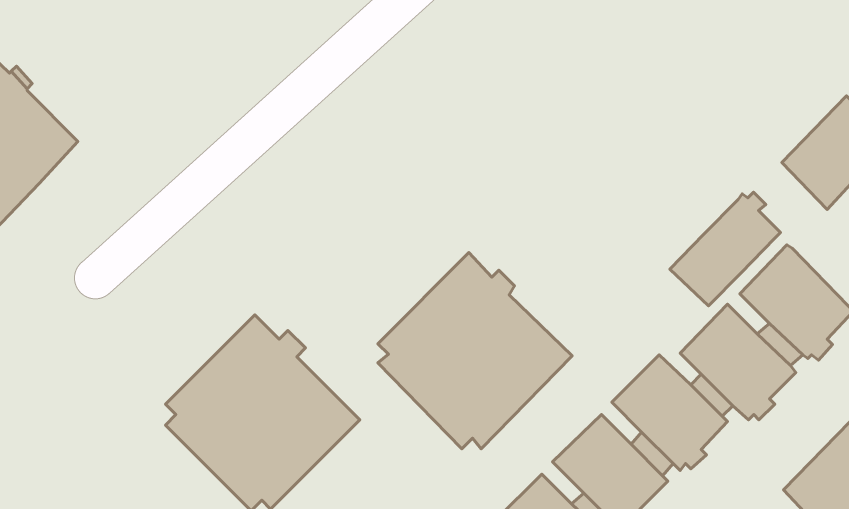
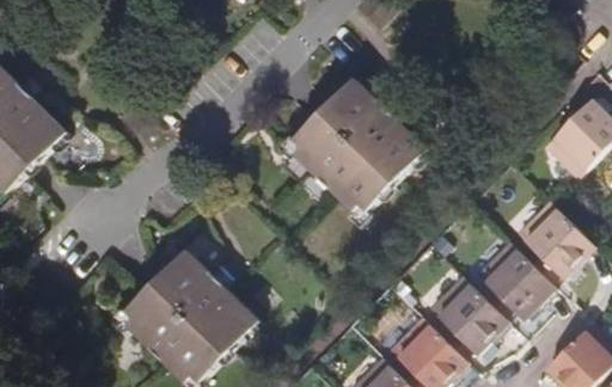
building: [670,192,781,306] -> none
building: [378,253,572,449] -> [293,76,426,210]

